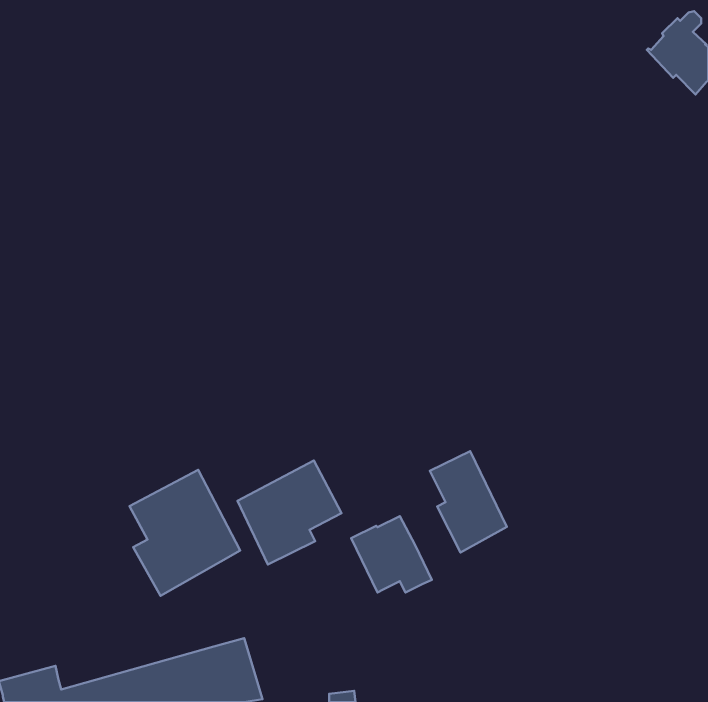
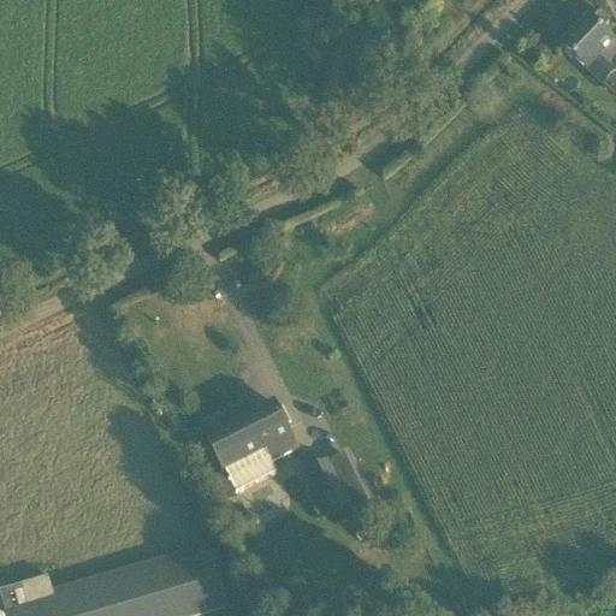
building: [430,451,507,552] -> none
building: [130,470,240,596] -> none

